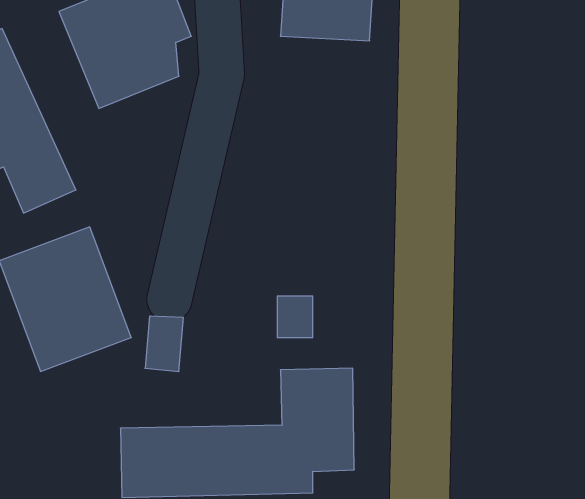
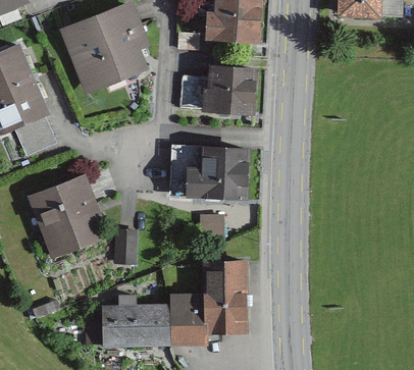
building: none -> [199,65,261,115]
building: none -> [182,149,251,199]

